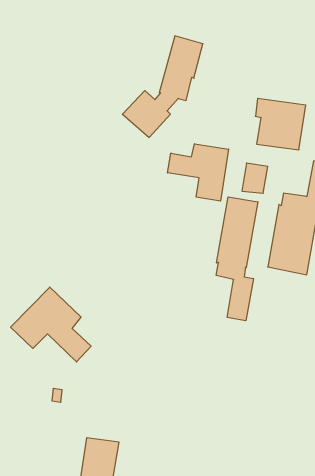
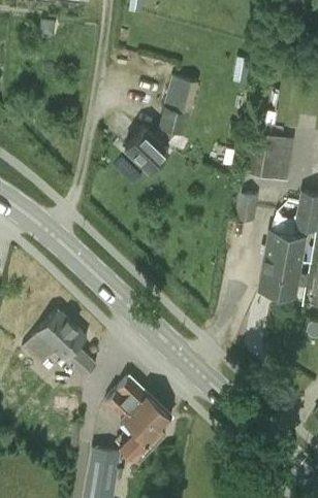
building: [168,144,229,201] -> none
building: [216,197,258,321] -> none
building: none -> [103,376,169,463]

